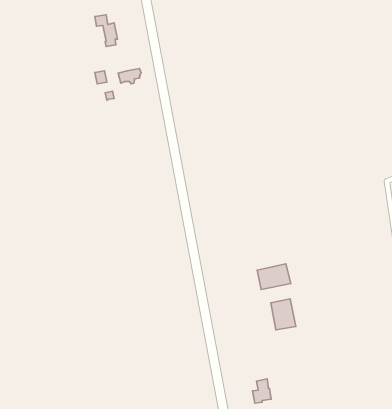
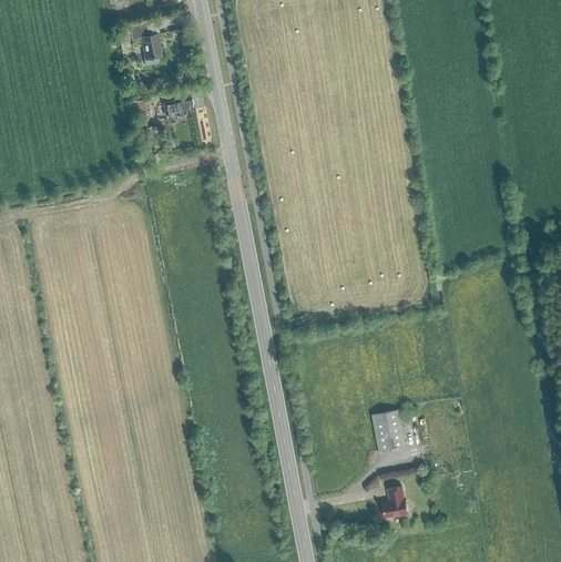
building: [257,264,291,290] -> none
building: [252,379,271,403] -> [381,487,407,520]

